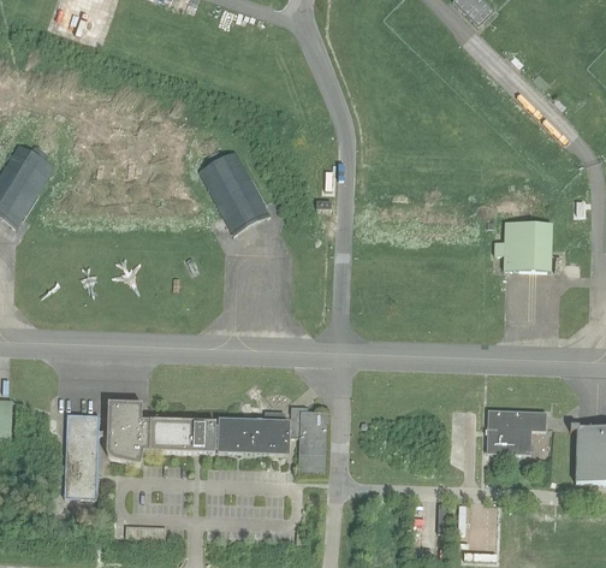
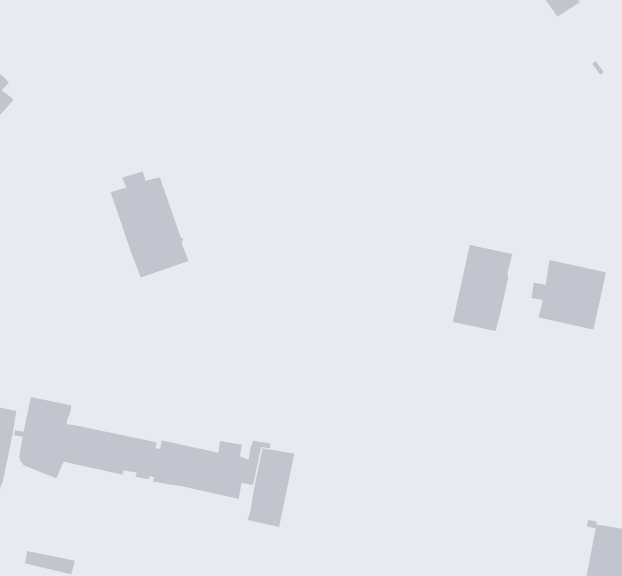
building: [197,148,271,235] -> [110,171,190,278]
building: none -> [452,244,513,332]
building: [486,409,546,454] -> none

